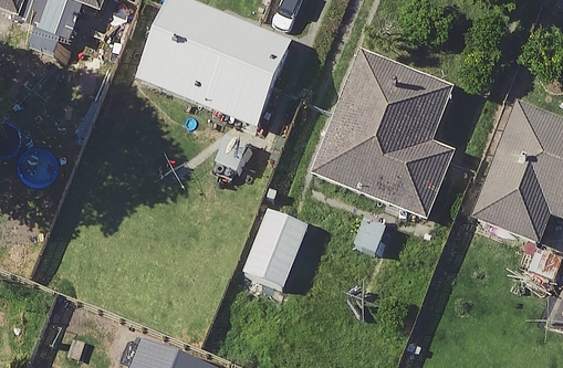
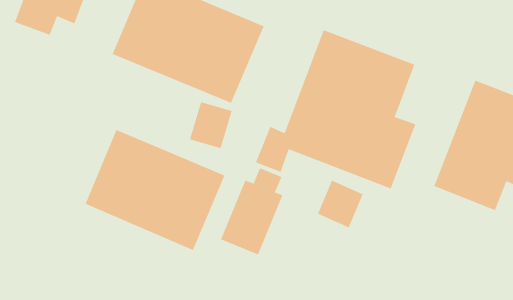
building: none -> [85,129,225,251]

